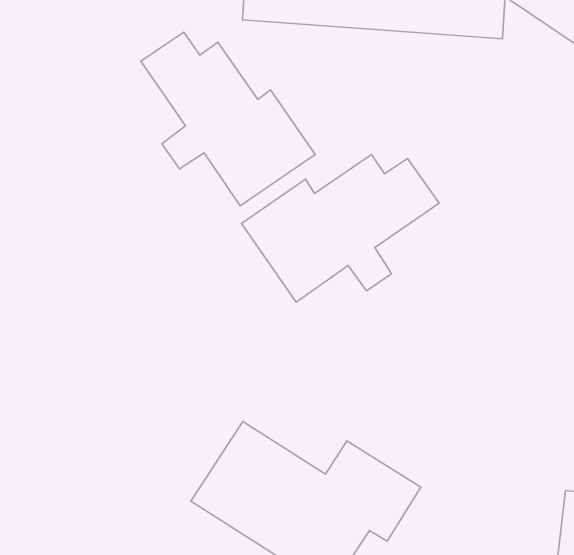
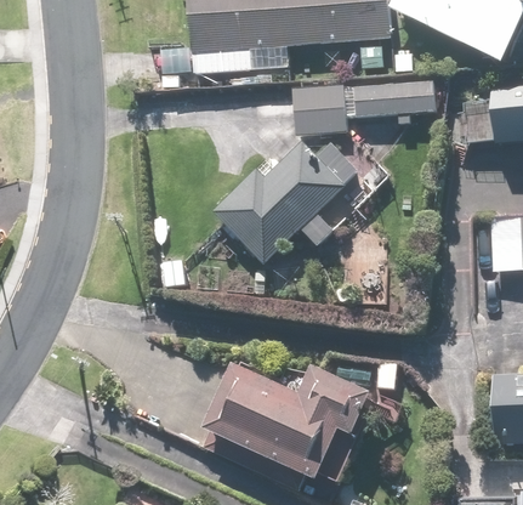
building: [141,32,315,206] -> none
building: none -> [291,81,437,136]

